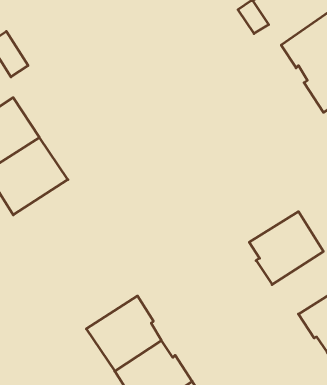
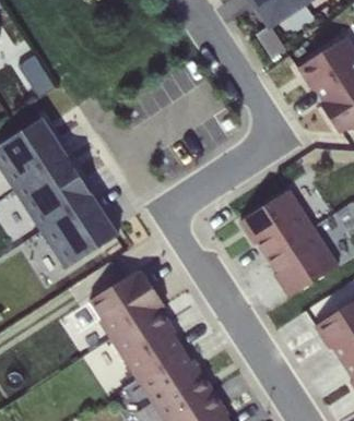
building: none -> [239,189,314,256]
building: none -> [40,196,117,269]
building: none -> [88,269,164,339]

